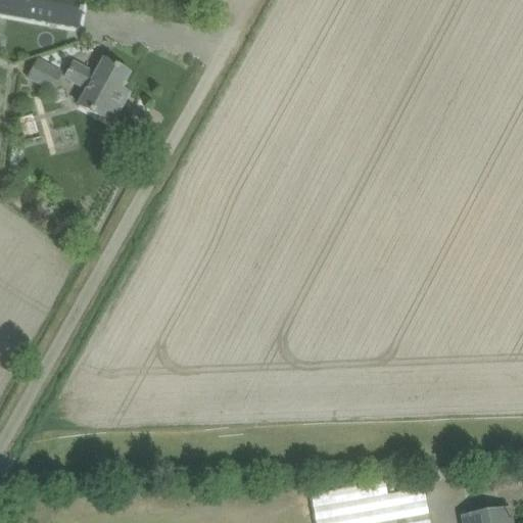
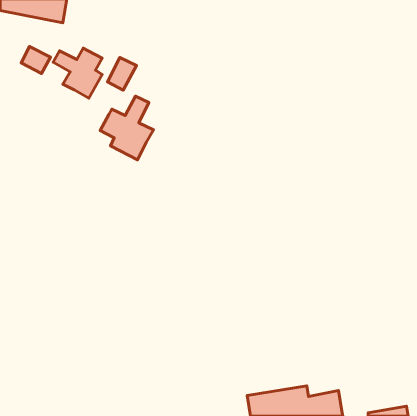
building: none -> [107,58,136,90]
building: none -> [100,96,153,160]

